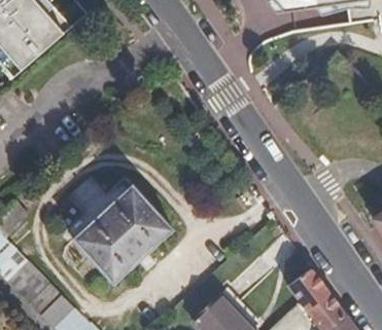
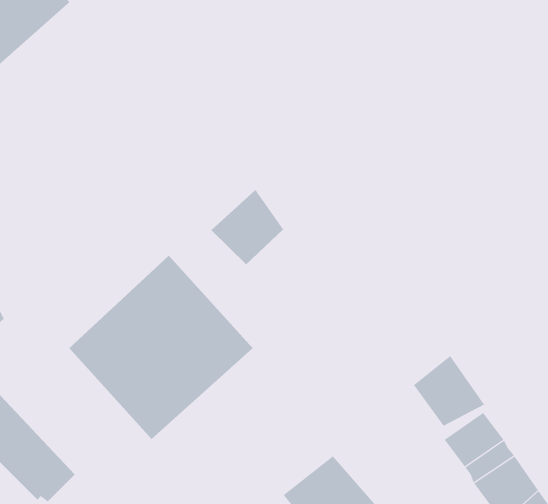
building: none -> [210,189,284,265]
building: none -> [413,355,485,426]

